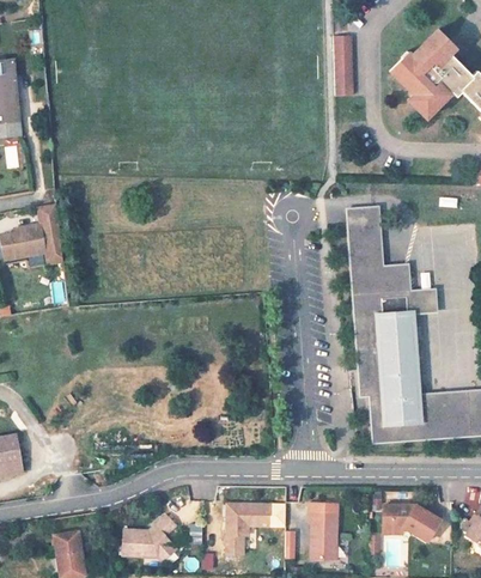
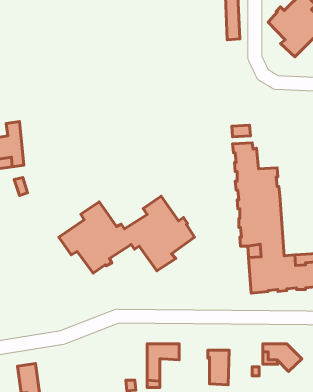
building: [402,278,433,305] -> none
building: none -> [59,196,195,273]
building: [121,516,176,561] -> none

